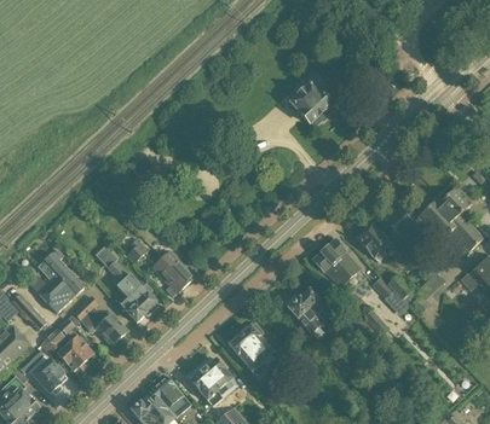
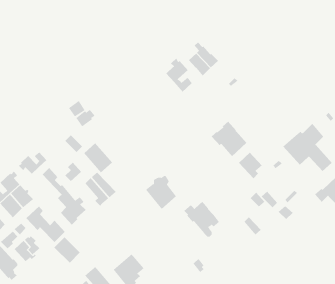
building: none -> [166,58,193,92]
building: none -> [83,142,113,173]
building: none -> [18,152,47,175]
building: [312,238,361,286] -> [211,121,247,157]
building: [229,324,271,370] -> [145,175,177,210]
building: none -> [54,236,80,264]

